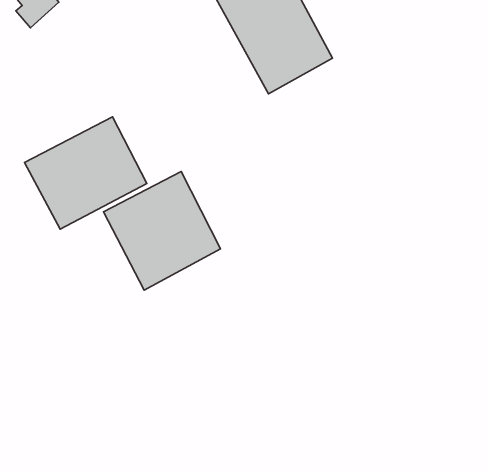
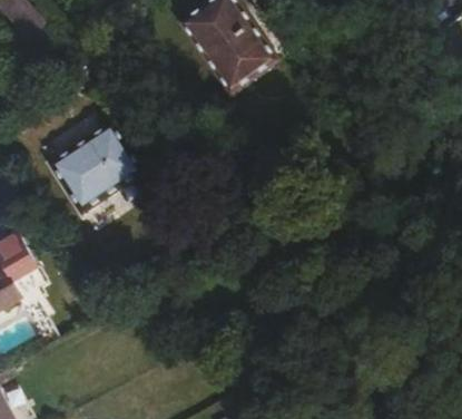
building: [104,172,221,290] -> none

